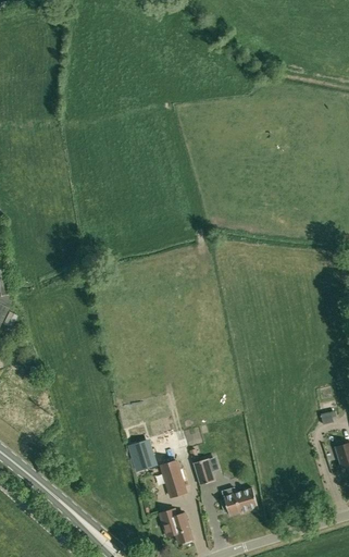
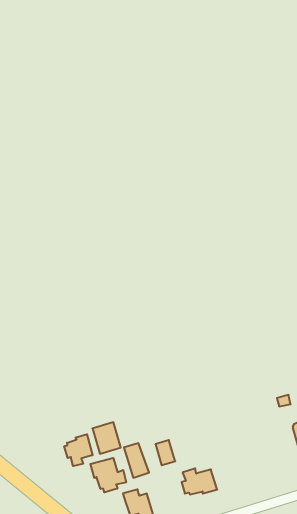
building: none -> [64,434,93,466]
building: none -> [90,458,126,492]

